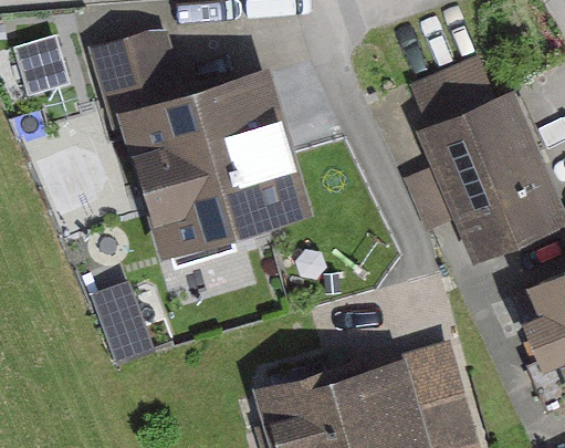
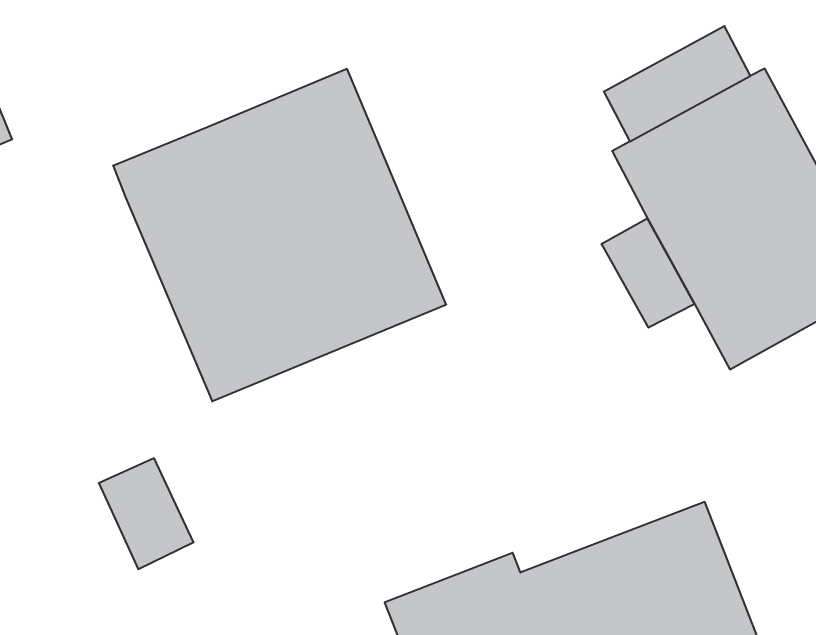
building: [90,34,181,134] -> none

